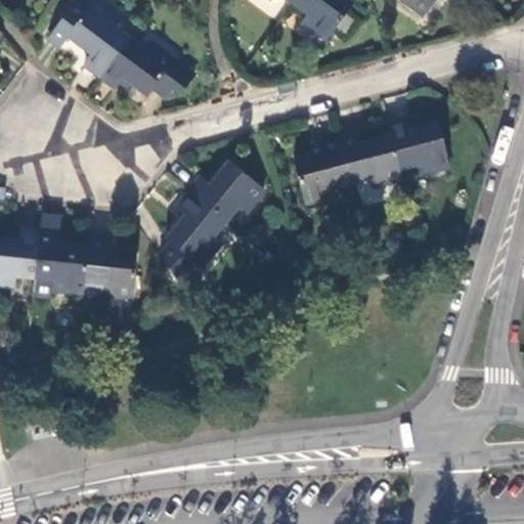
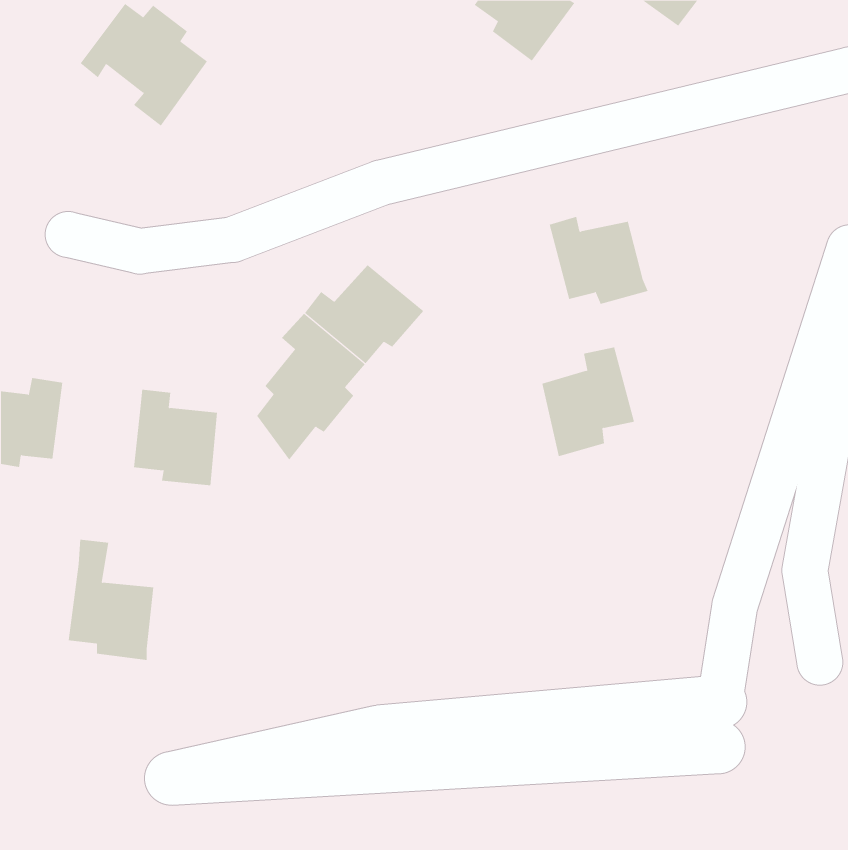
building: [100,38,192,98] -> none
building: [386,120,447,174] -> none
building: [294,138,351,206] -> [542,347,635,457]
building: [34,220,87,295] -> [68,539,154,660]

